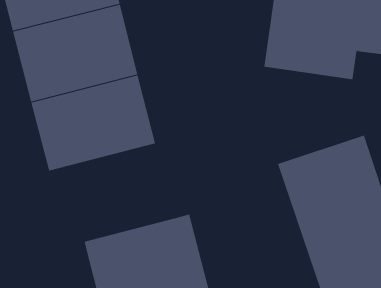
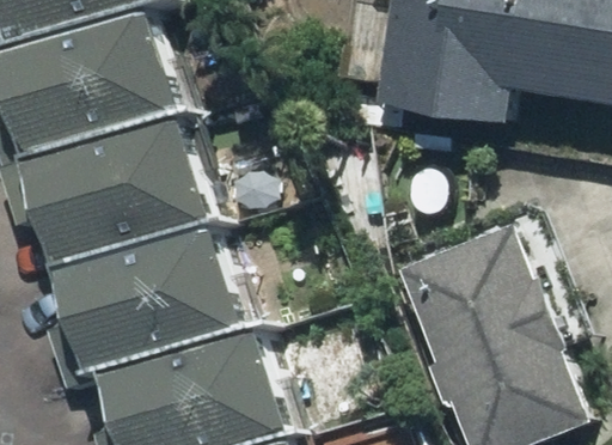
building: none -> [80,230,268,380]

